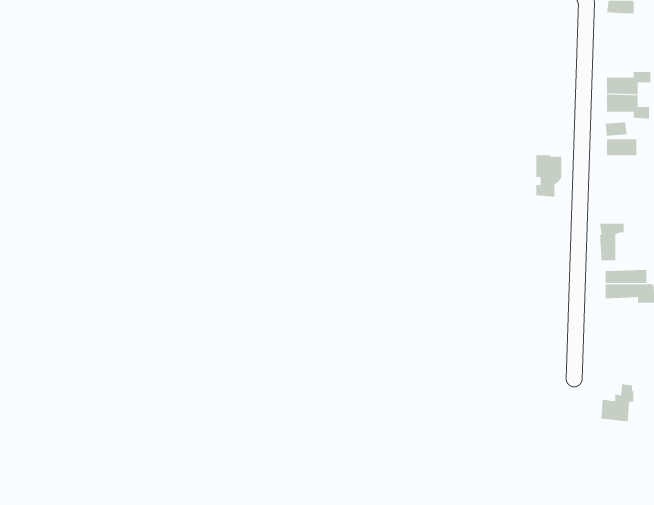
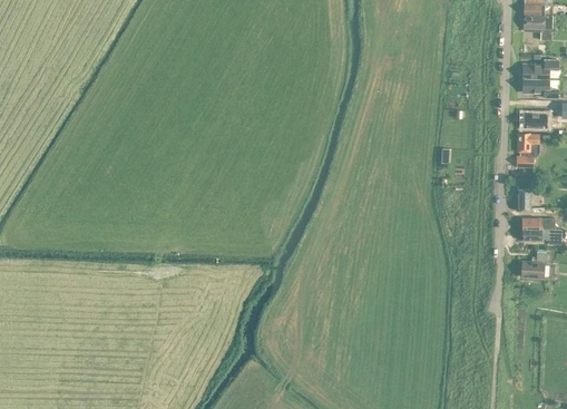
building: none -> [522,12,553,39]
building: [536,155,562,197] -> [517,133,538,166]
building: [600,384,634,422] -> [520,247,547,277]

